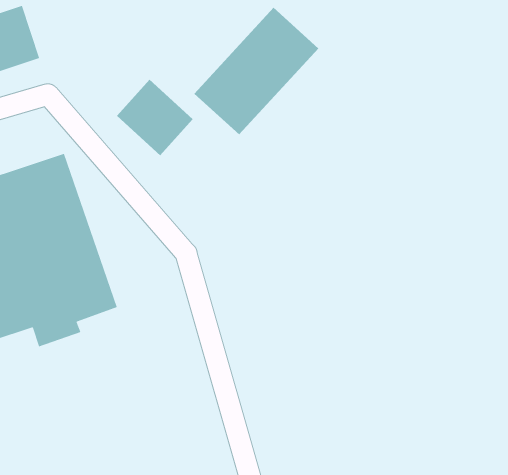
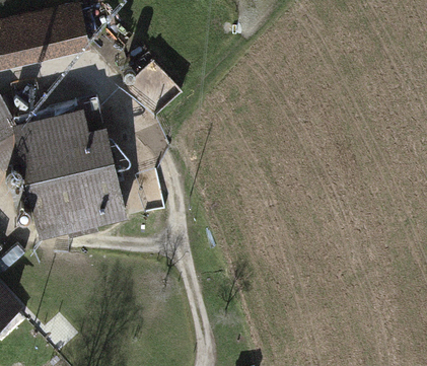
building: [194,7,319,135] -> none

